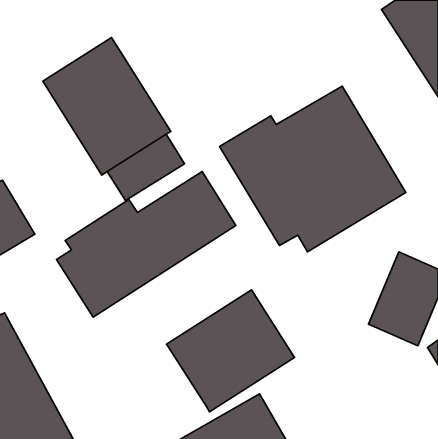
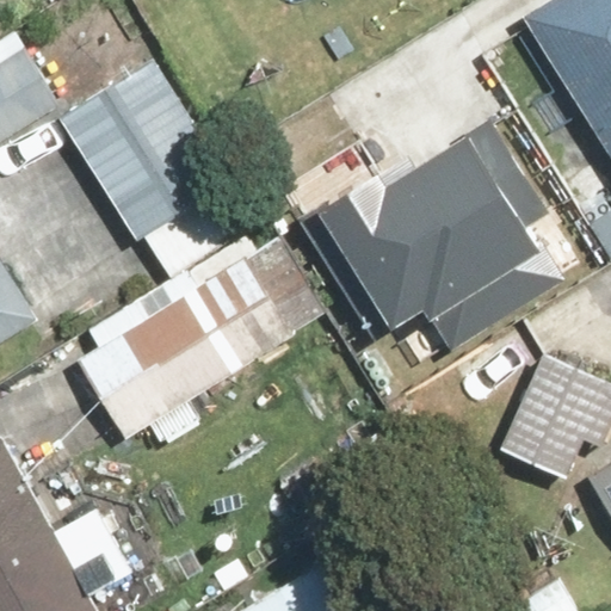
building: [166,290,295,412] -> none

